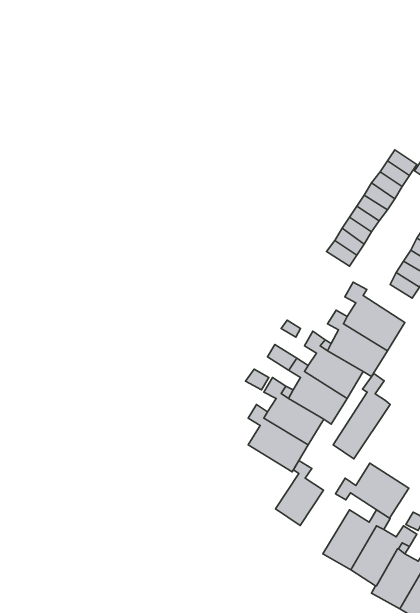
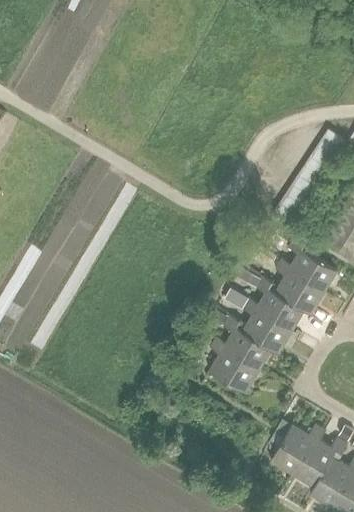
building: [333,373,390,459] -> none
building: [275,460,324,525] -> none
building: [336,463,409,518] -> none

